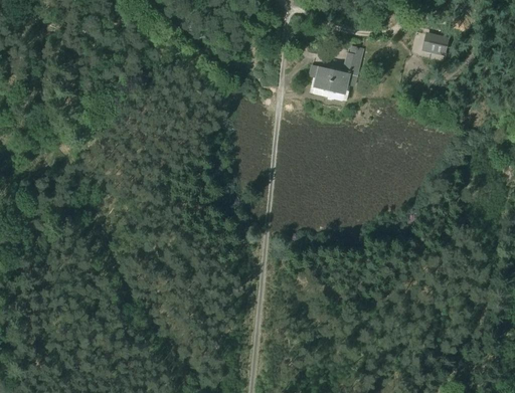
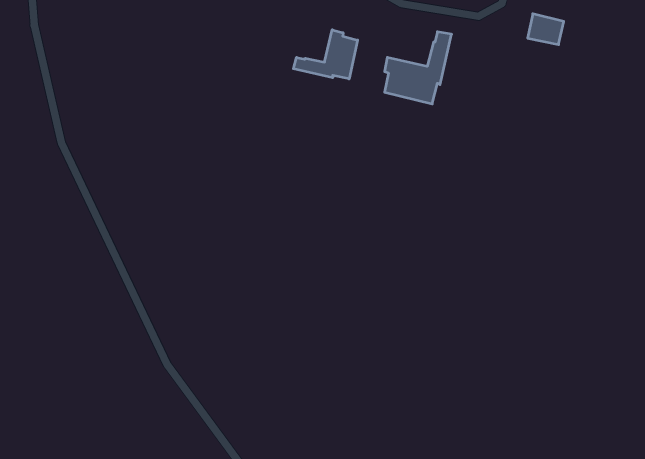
building: none -> [293,30,358,79]

